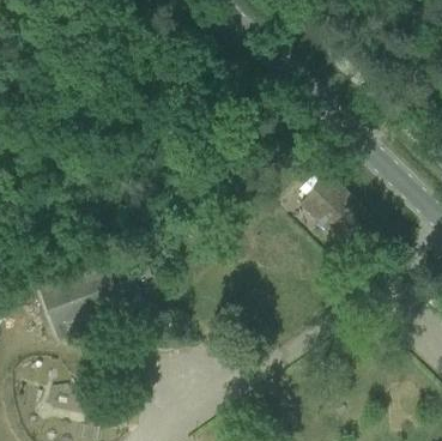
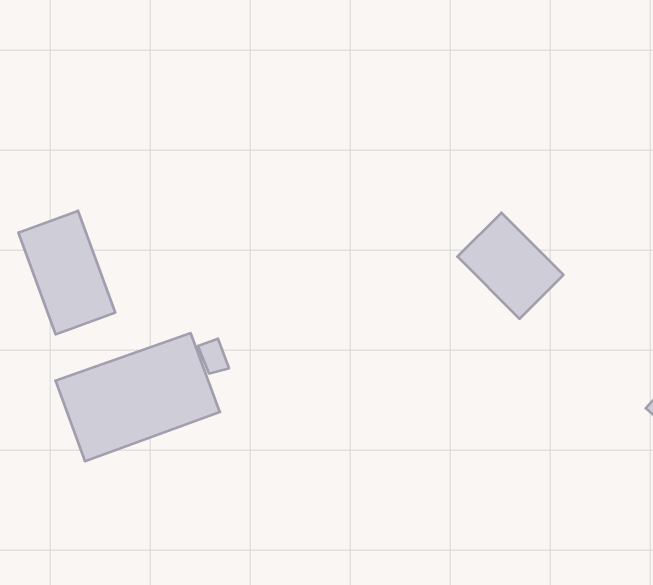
building: none -> [19,211,115,334]

